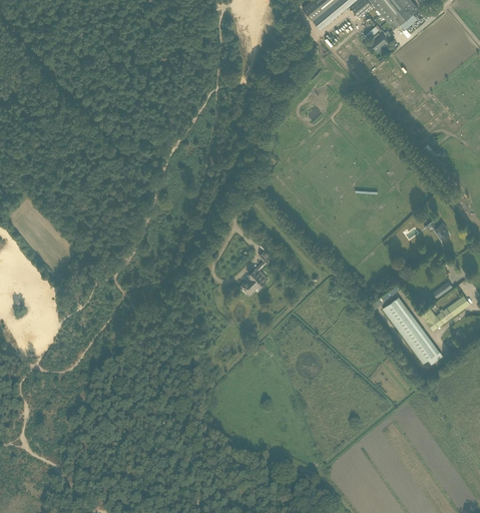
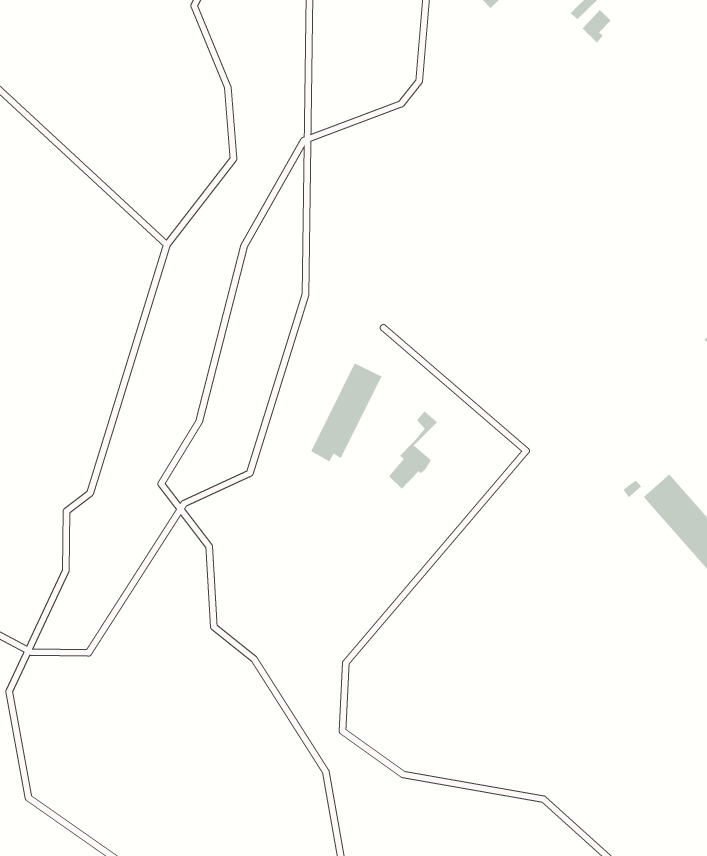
building: none -> [310,362,382,462]

